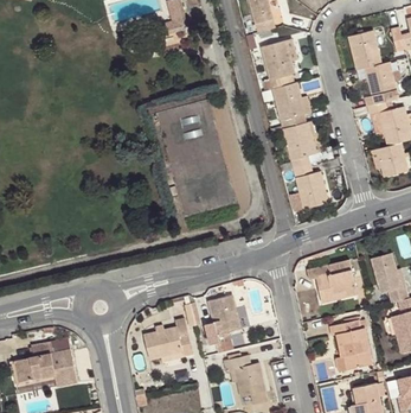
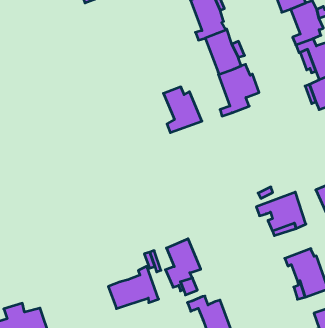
building: [293,164,329,210] -> [163,87,202,133]

